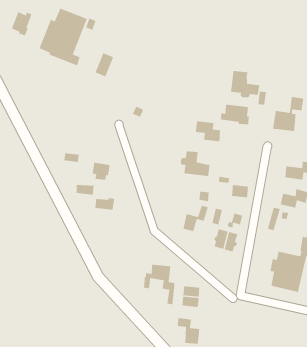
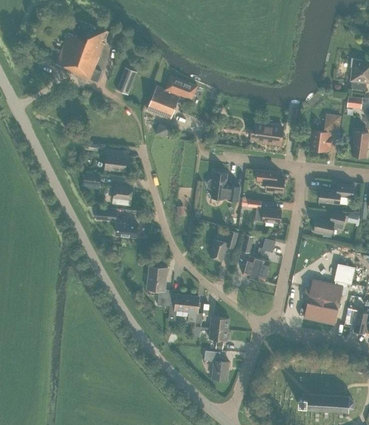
building: [11,11,32,37] -> none
building: none -> [147,75,197,119]
building: [230,70,260,98] -> none
building: [195,120,221,142] -> [256,169,284,192]
building: none -> [105,149,127,171]
building: none -> [146,266,172,306]

